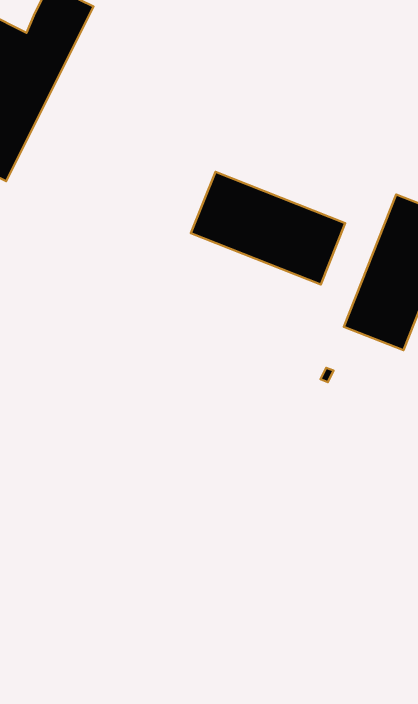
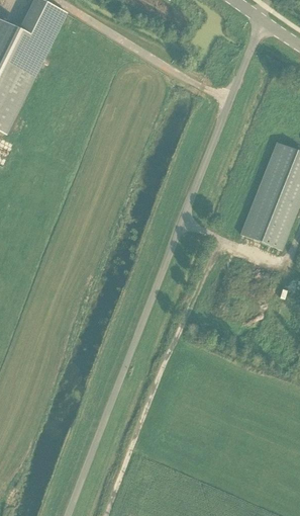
building: [191,172,345,285] -> none

